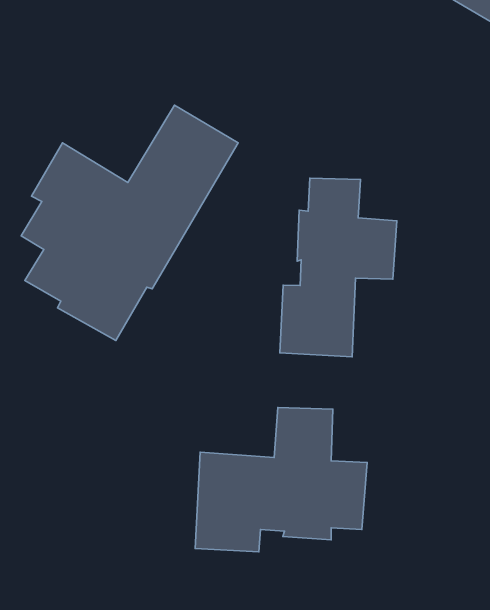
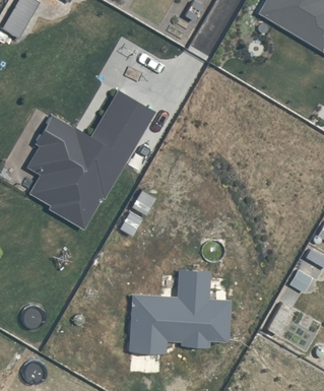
building: [280,178,397,357] -> none

